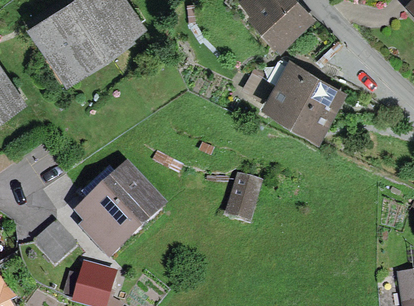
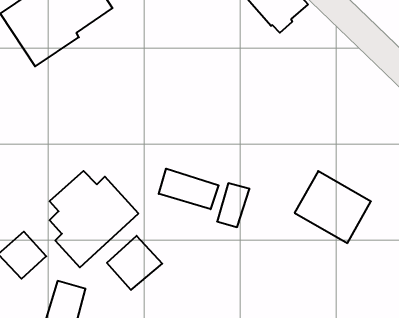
building: [270,66,338,130] -> [295,171,371,243]
building: none -> [159,169,219,209]
building: none -> [107,236,162,290]

